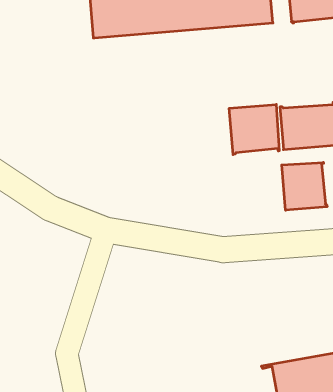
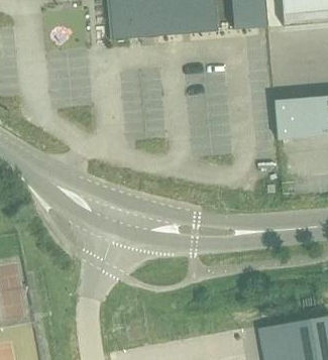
building: [229,104,279,155] -> none
building: [282,162,327,210] -> none

